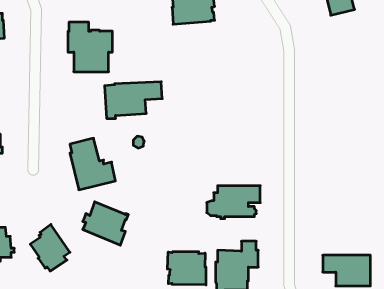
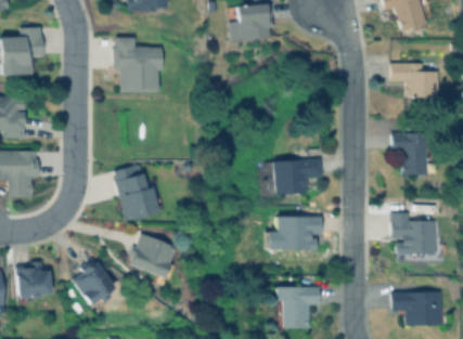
building: none -> [393,64,440,99]
building: [105,82,162,118] -> [262,159,325,199]
building: none -> [394,133,439,177]
building: none -> [393,213,448,264]
building: [167,252,206,285] -> none

